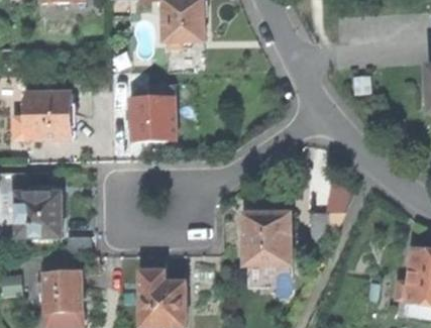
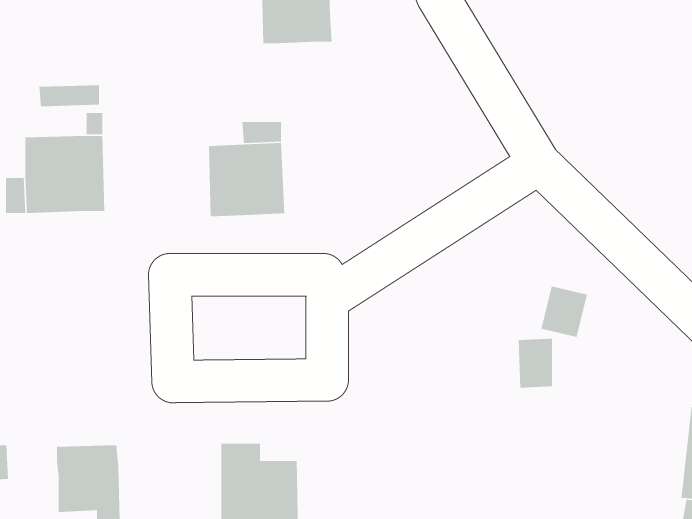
building: [16,192,61,236] -> none
building: [244,210,292,262] -> none

